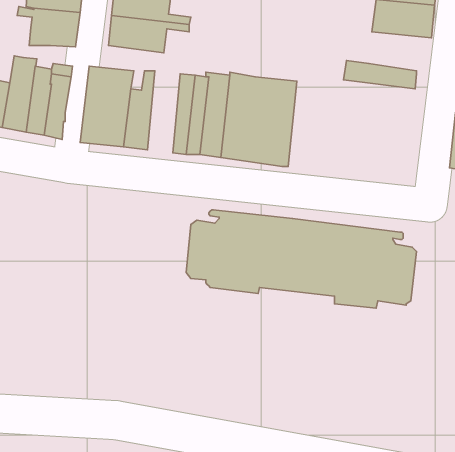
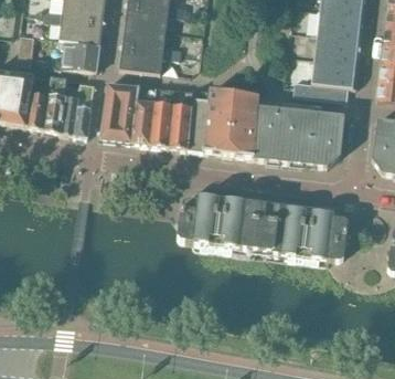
building: none -> [312,57,359,86]
building: none -> [149,86,173,147]
building: none -> [253,104,344,166]

